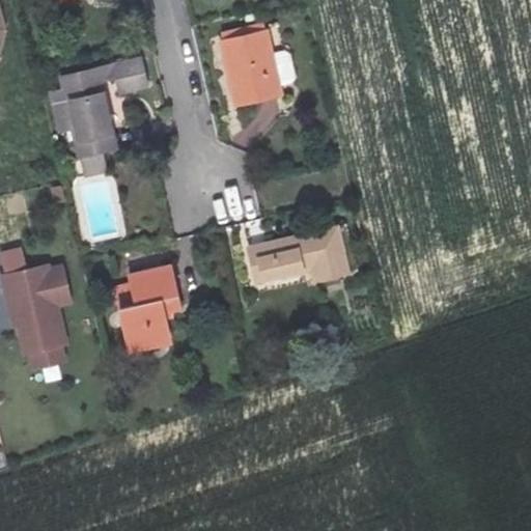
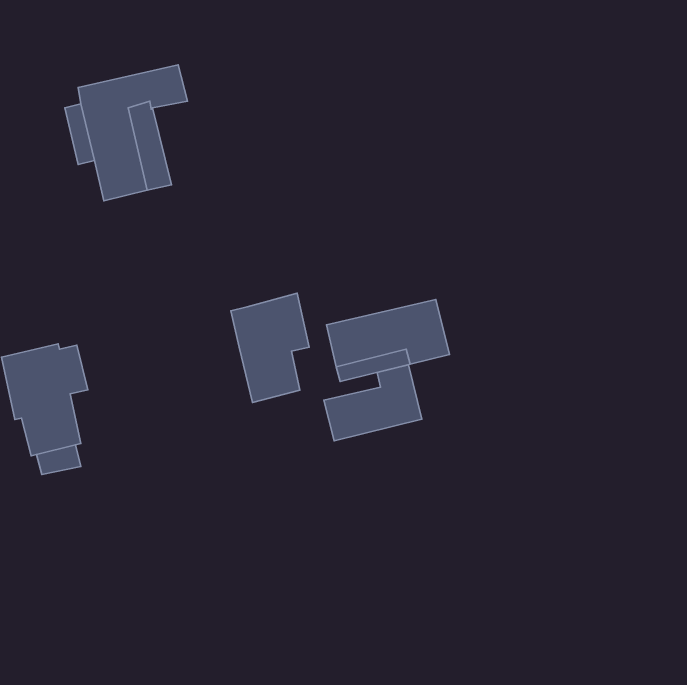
building: [225,31,279,102] -> none
building: [114,276,174,360] -> [231,293,309,402]
building: none -> [324,365,422,441]

